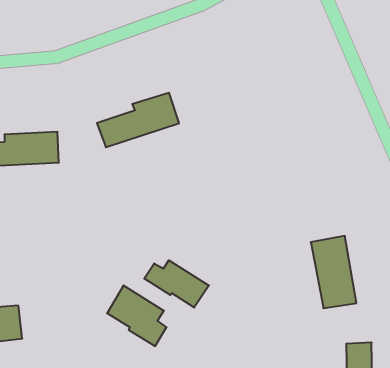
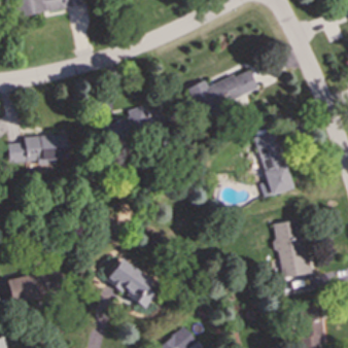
building: none -> [187,68,258,115]
building: none -> [253,131,292,197]
building: [144,260,209,308] -> none

